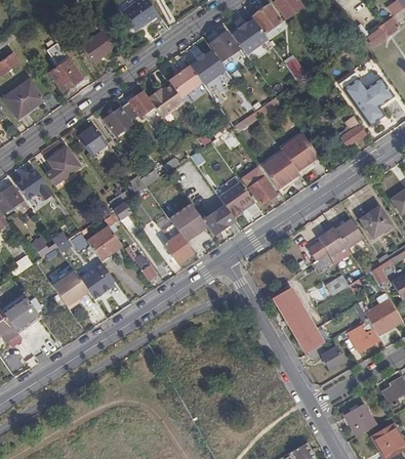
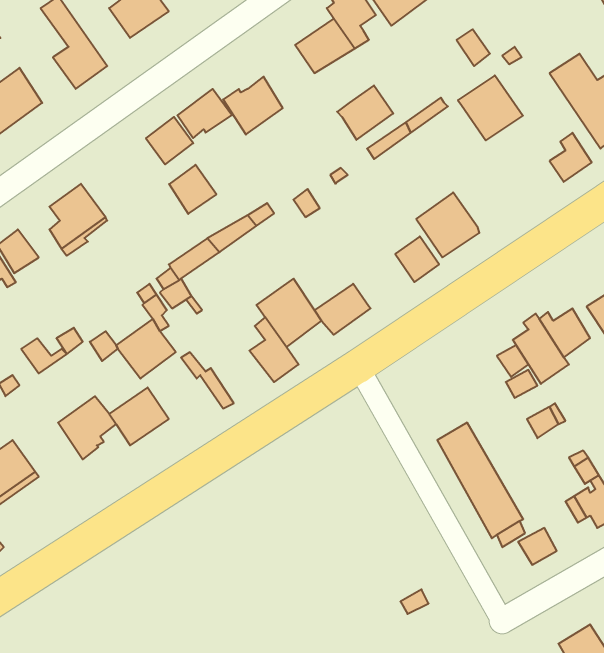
building: [169,66,202,97] -> [337,85,393,140]
building: [79,126,107,155] -> [169,165,216,214]
building: [281,134,319,172] -> [458,75,523,140]
building: [218,181,254,218] -> none

